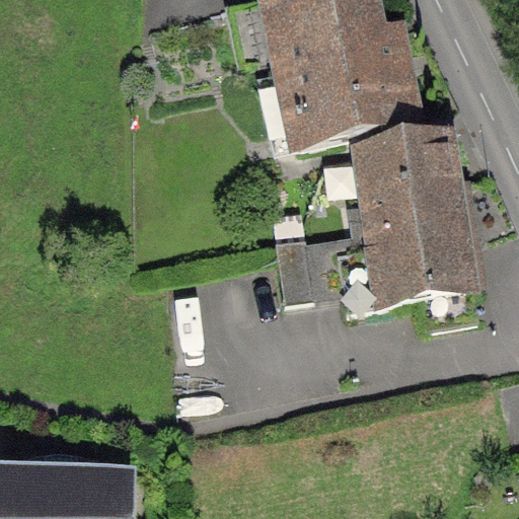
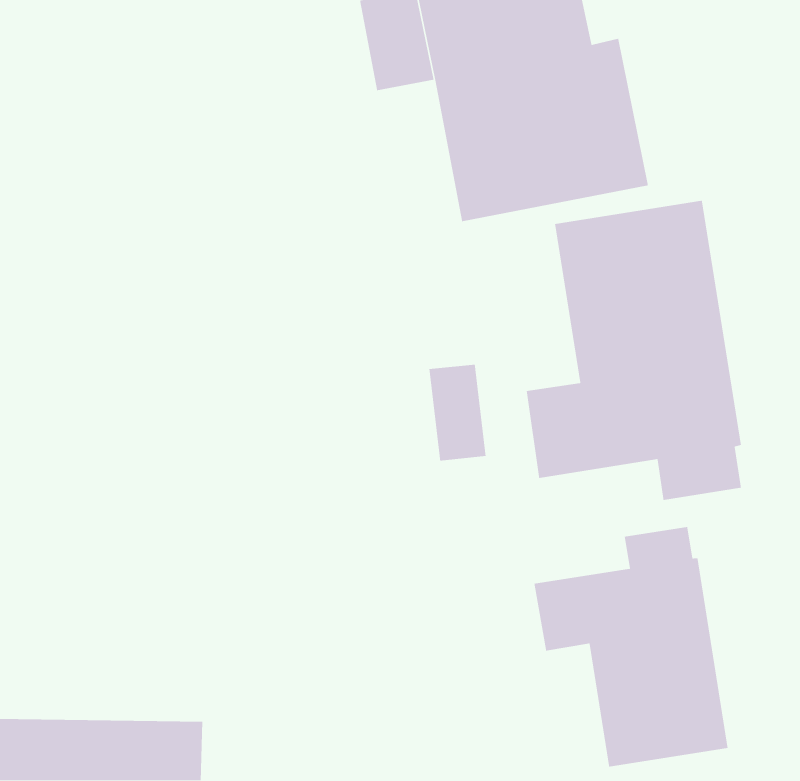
building: none -> [533,526,729,767]

